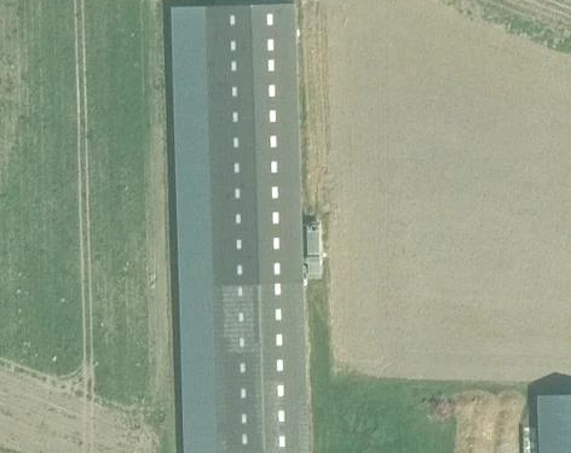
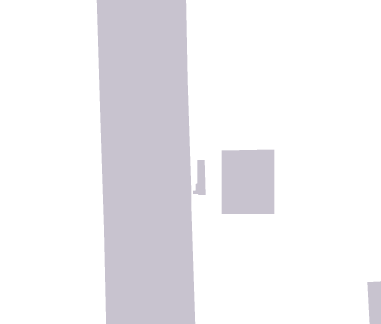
building: none -> [221,149,275,215]

